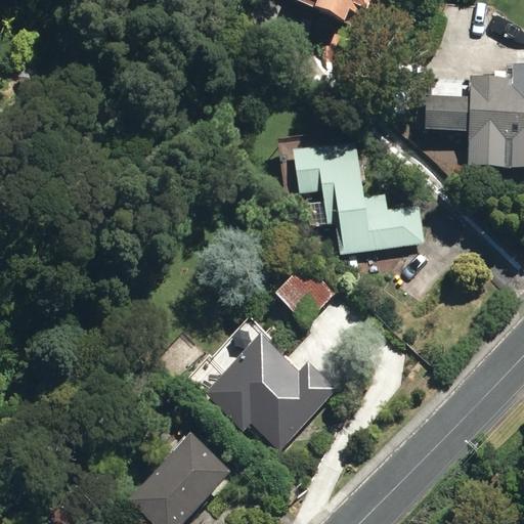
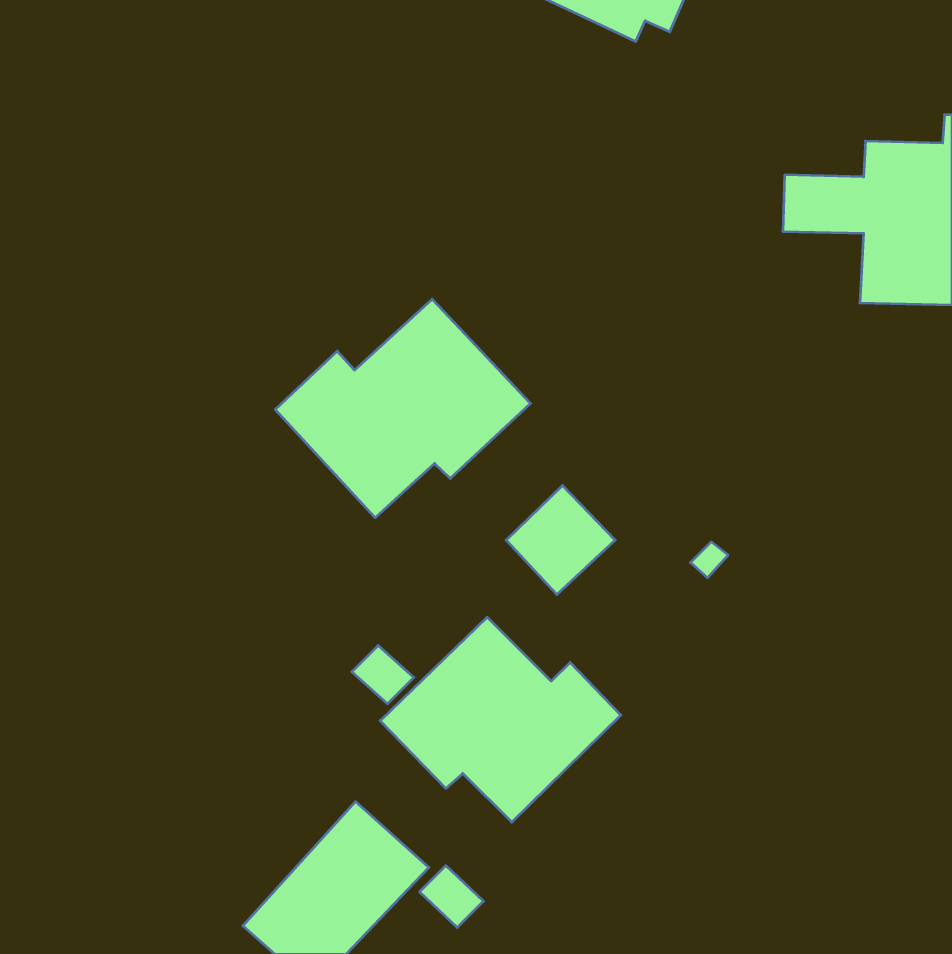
building: [291,145,423,254] -> none
building: none -> [275,299,531,518]

